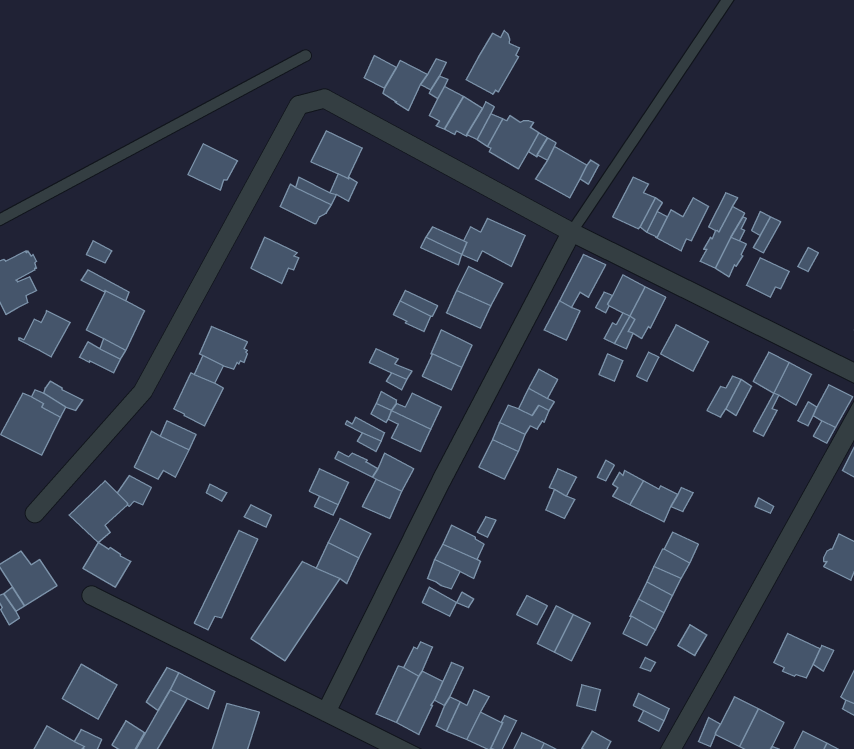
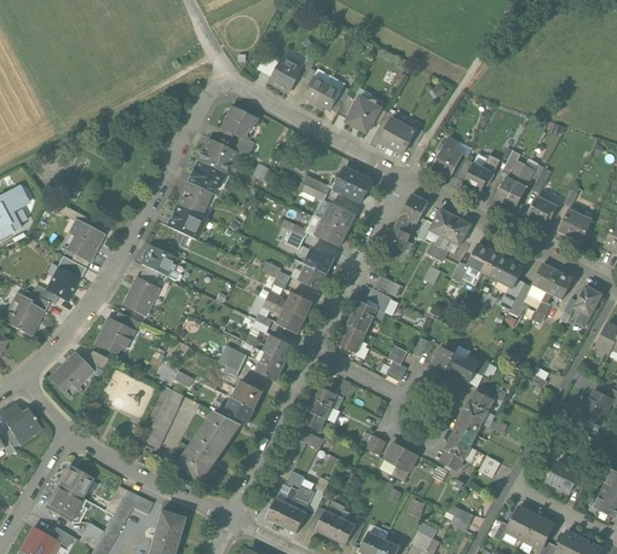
building: [466,30,519,94] -> none
building: [188,144,238,190] -> [188,160,223,192]
building: none -> [167,203,206,238]
building: none -> [558,208,593,242]
building: [19,311,70,357] -> [45,269,81,301]
building: none -> [490,255,524,288]
building: [83,542,131,587] -> [58,464,92,496]

